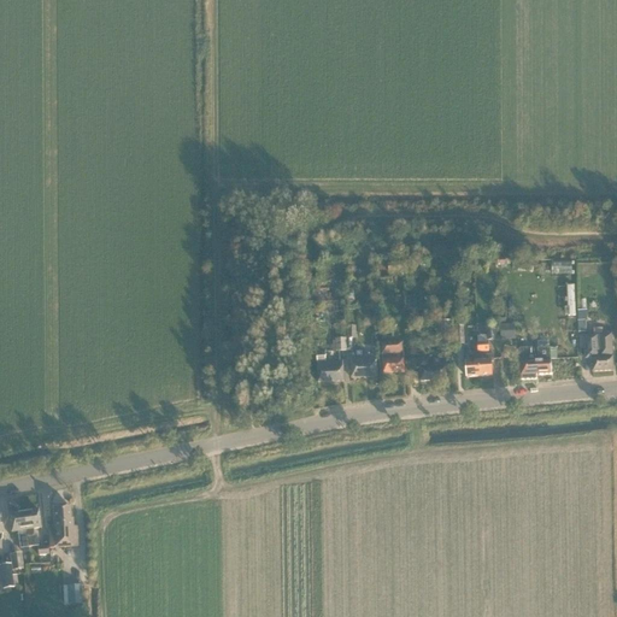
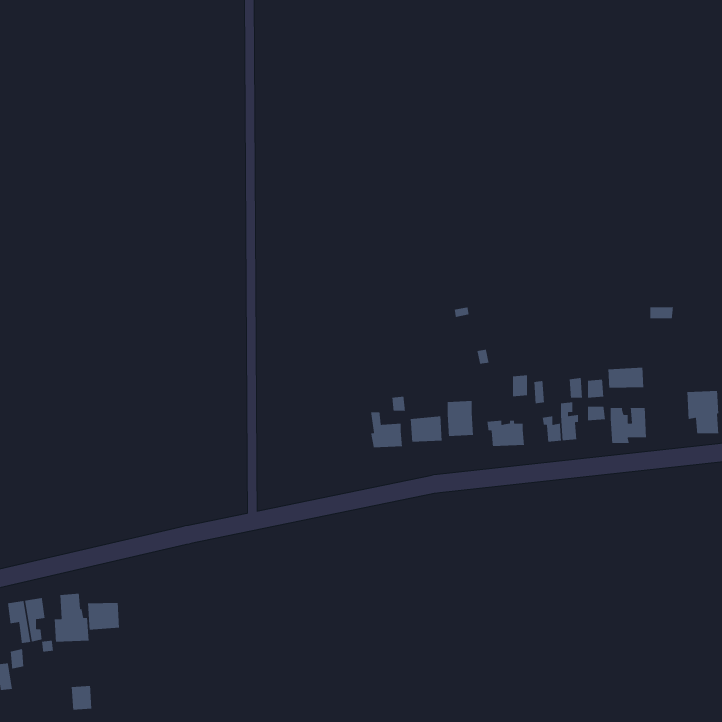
building: none -> [608,367,644,389]
building: none -> [87,602,120,630]

